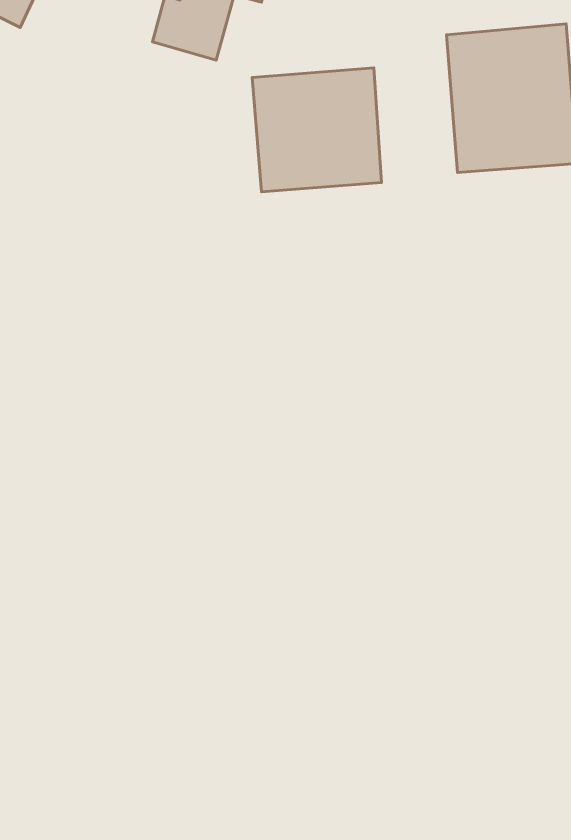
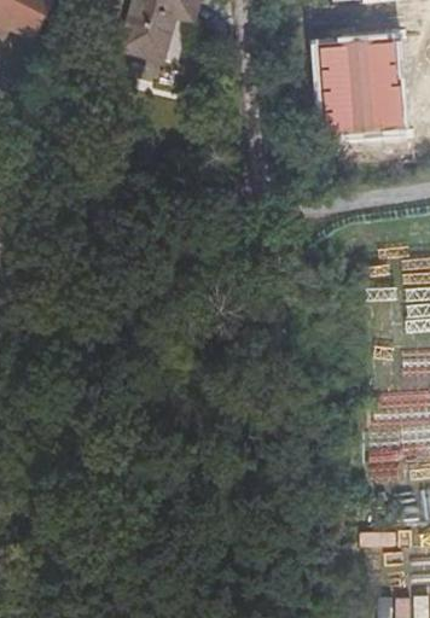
building: [252,68,381,192] -> none

